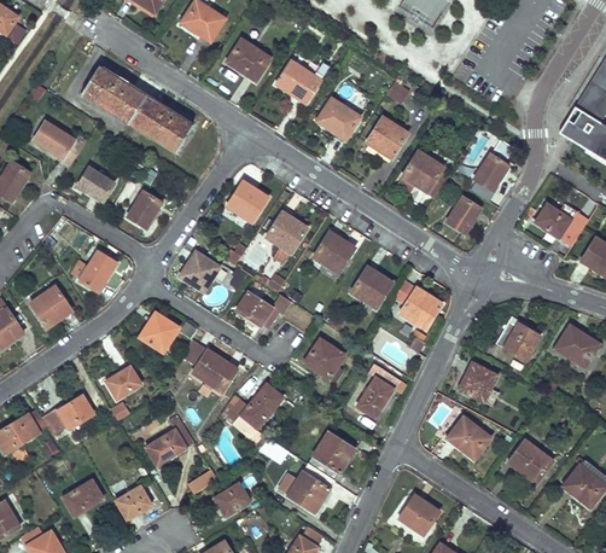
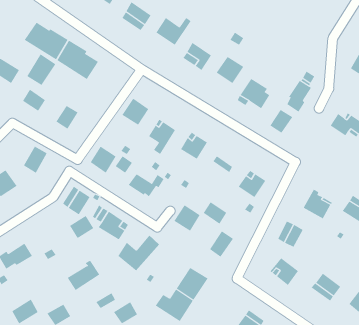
building: none -> [26,53,56,86]
building: [350,274,386,308] -> [203,202,227,224]
building: [105,365,142,400] -> [69,215,94,239]

